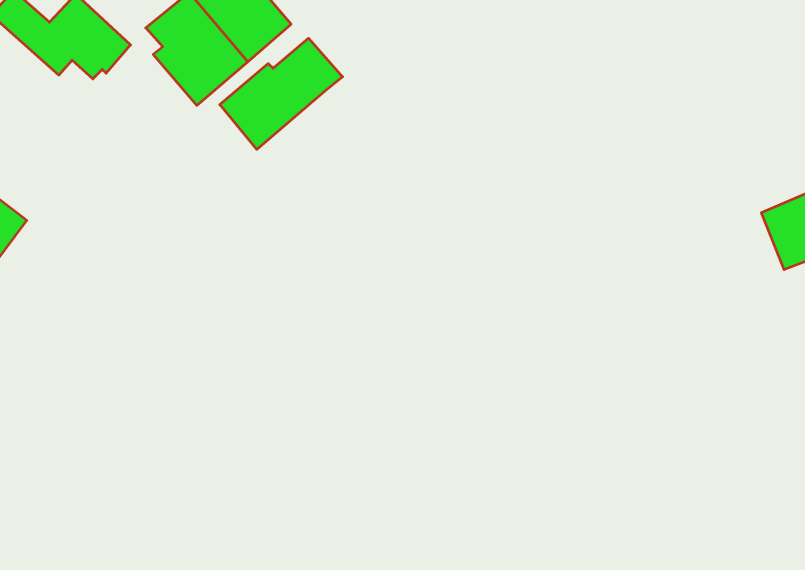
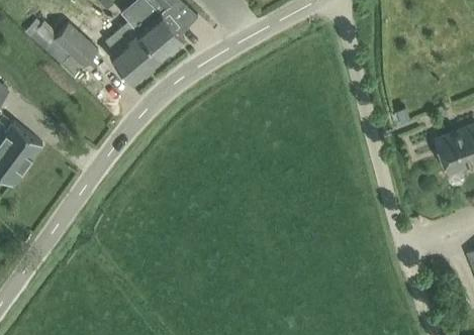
building: [220,38,343,149] -> none

